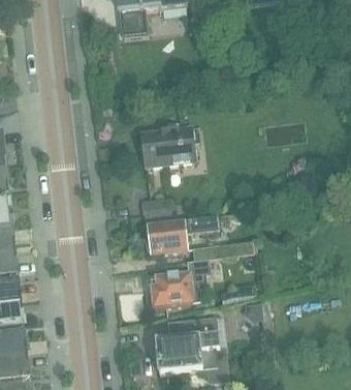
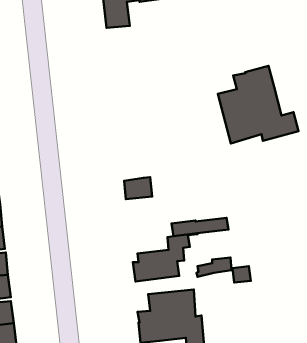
building: none -> [218,66,298,143]
building: [140,126,195,168] -> none
building: [148,214,219,254] -> none

